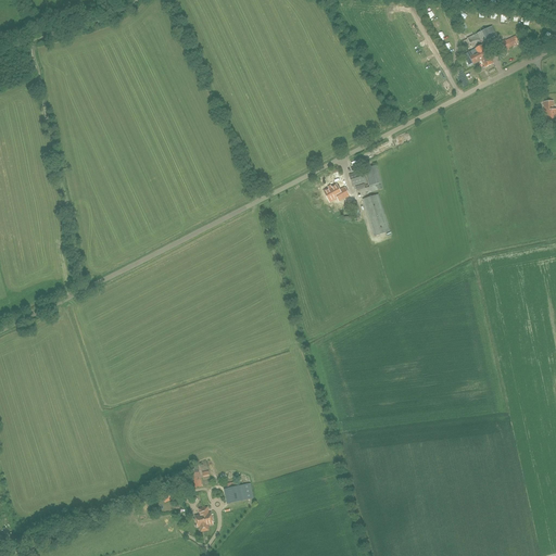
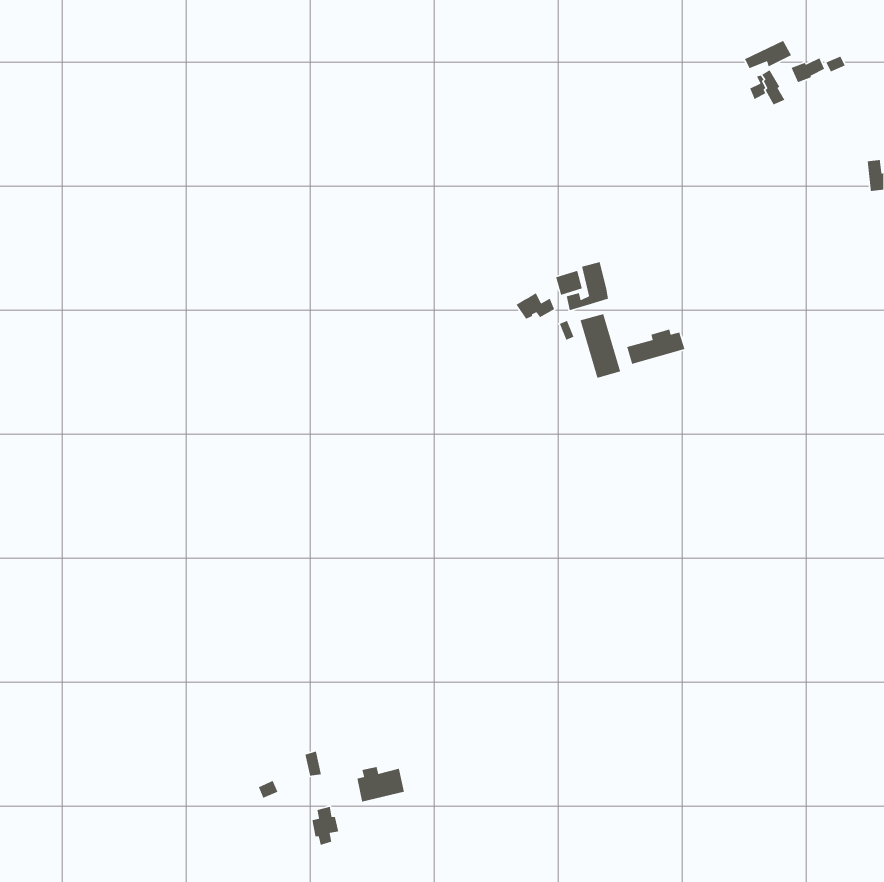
building: none -> [626,328,685,365]

